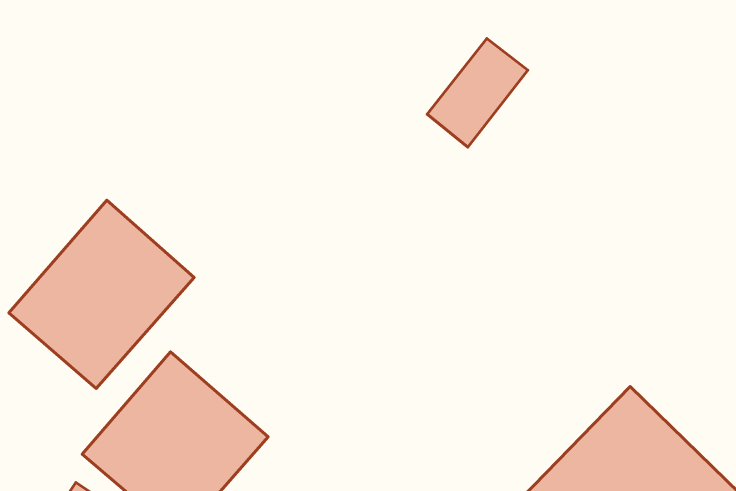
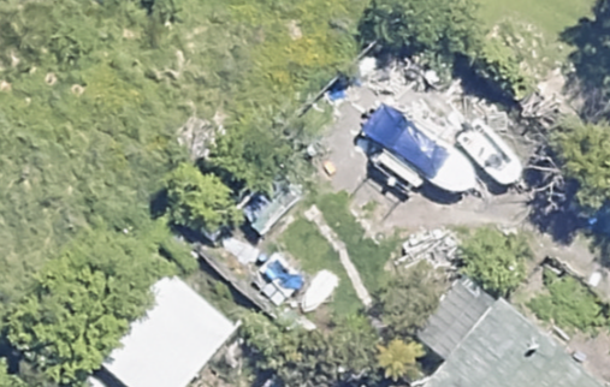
building: [9,200,194,388] -> none

